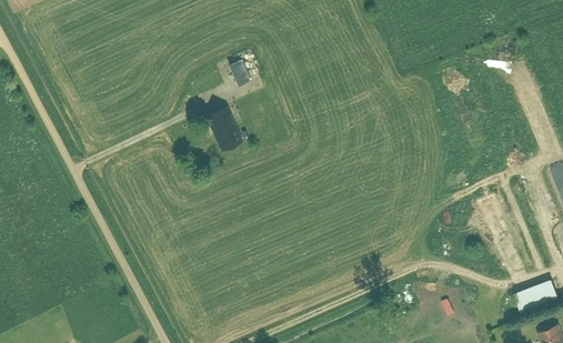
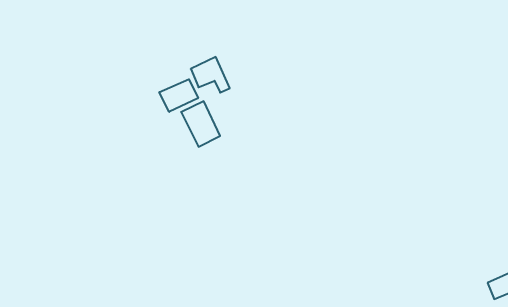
building: none -> [159,79,198,112]

